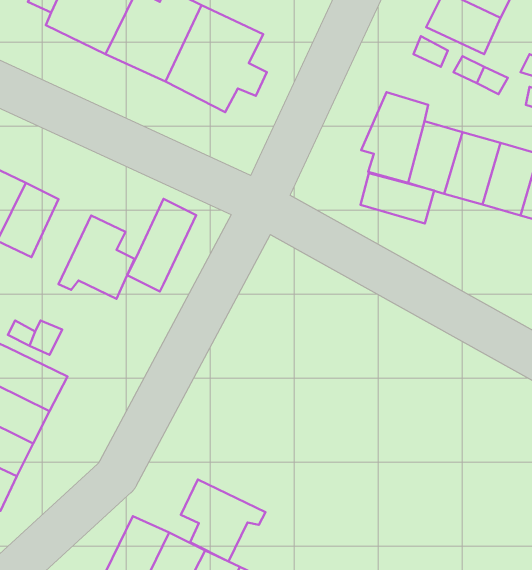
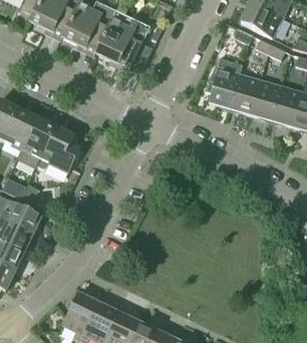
building: [361,173,434,223] -> none
building: [127,199,196,291] -> [16,117,54,168]
building: [181,479,266,562] -> none

